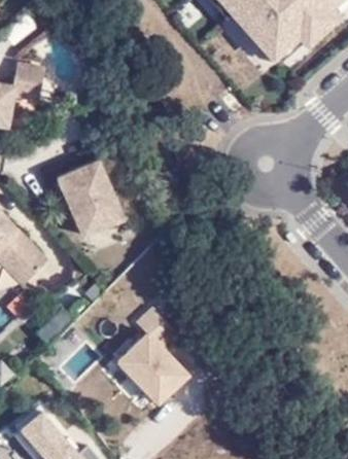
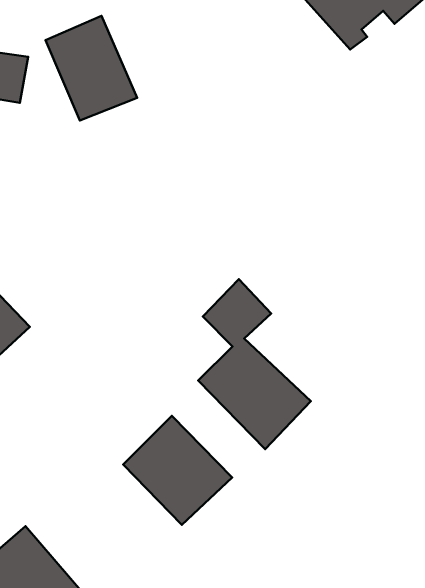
building: [58,161,124,236] -> [45,16,137,121]
building: none -> [198,279,311,449]

